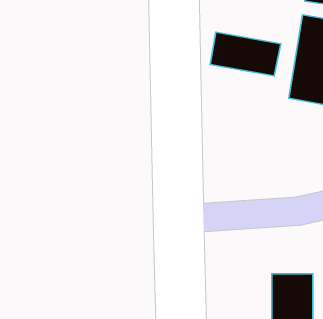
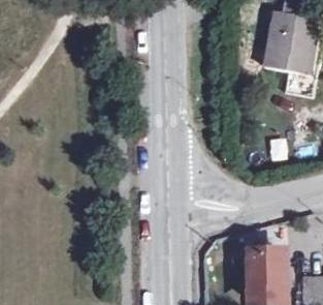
building: [210,32,281,76] -> none

